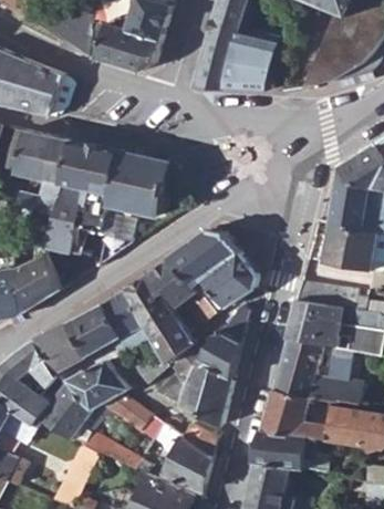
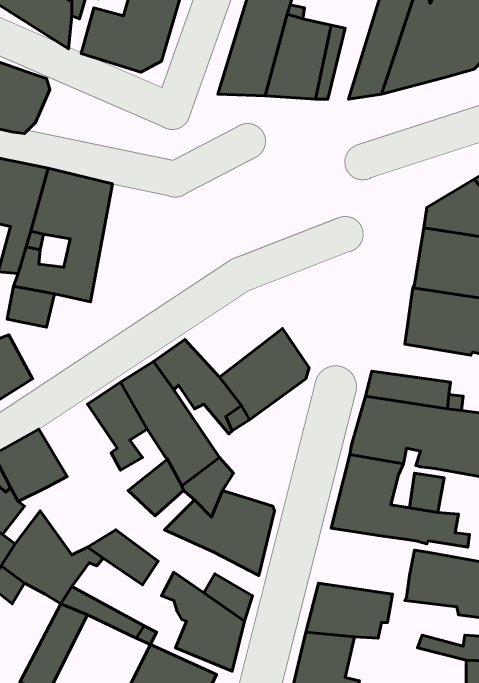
building: [95,149,170,264] -> none
building: [168,230,237,285] -> none
building: [195,303,247,376] -> none
building: [65,304,126,360] -> none
building: [66,361,127,411] -> none
building: [262,392,326,440] -> none

